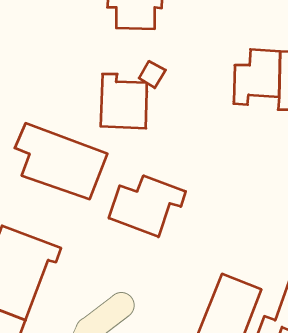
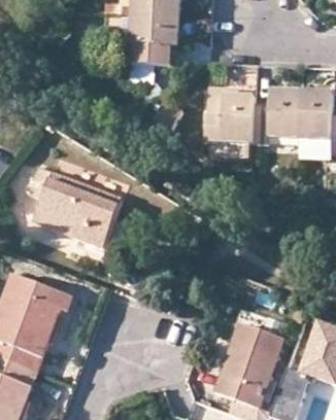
building: [101,74,147,128] -> [206,86,255,143]
building: [109,176,186,237] -> none

